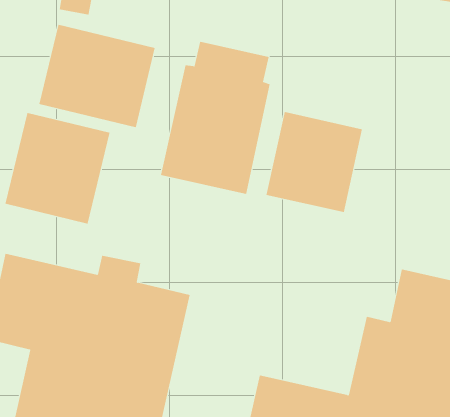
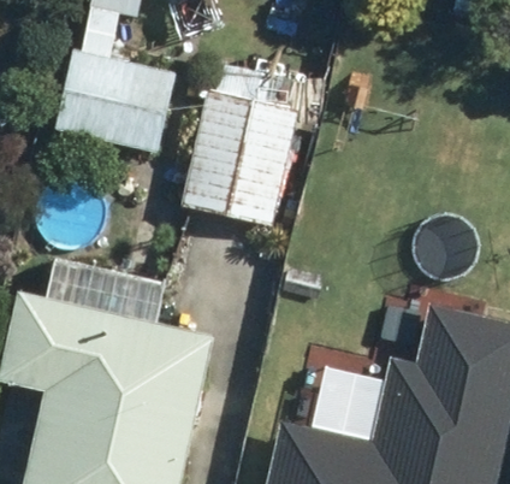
building: [266,111,363,213] -> none
building: [5,112,110,224] -> none

